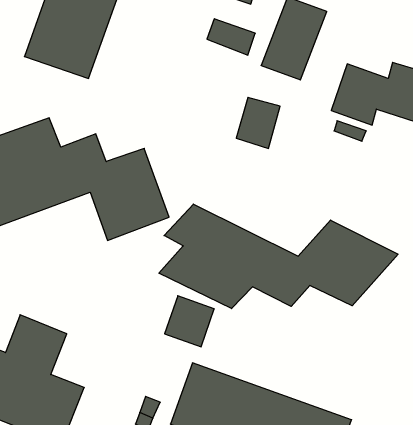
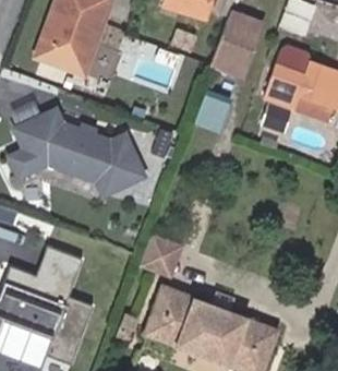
building: [159,204,398,309] -> none

